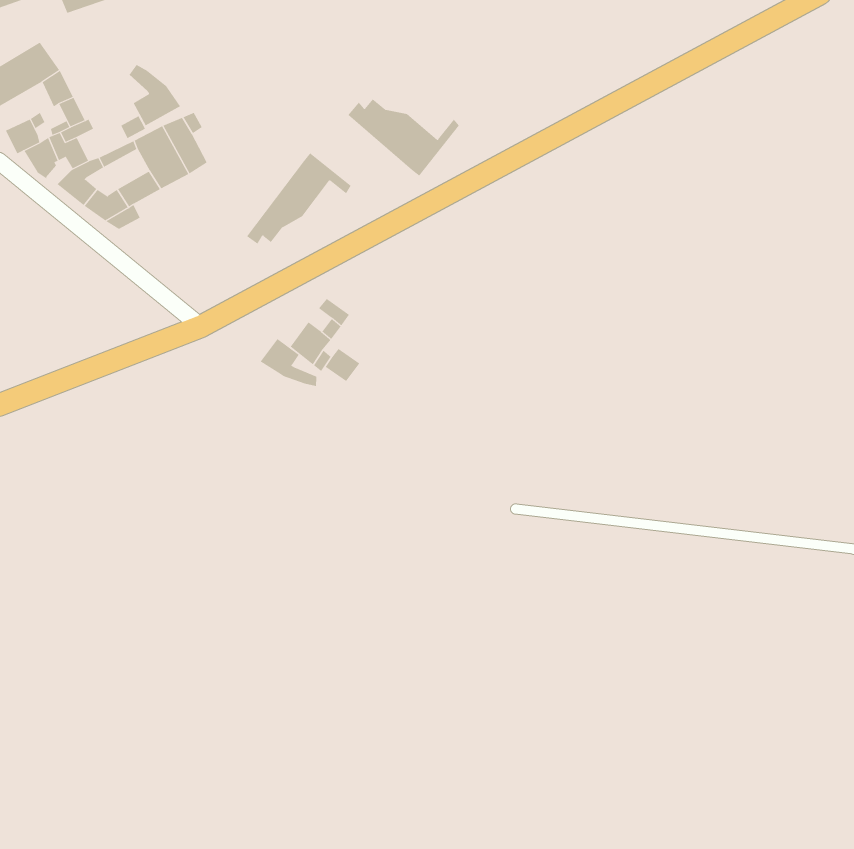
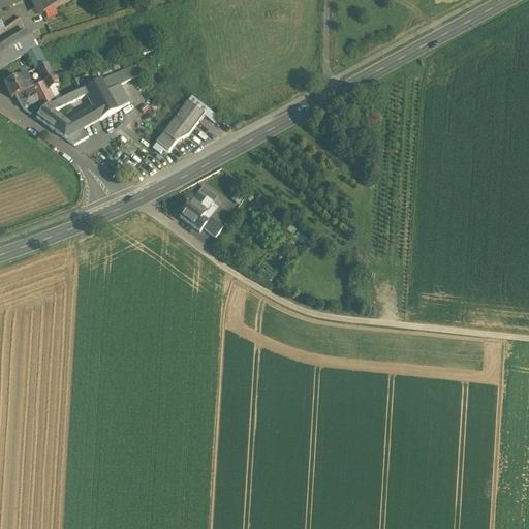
building: [129,64,181,126] -> none
building: [347,98,460,176] -> none
building: [260,338,317,387] -> none

